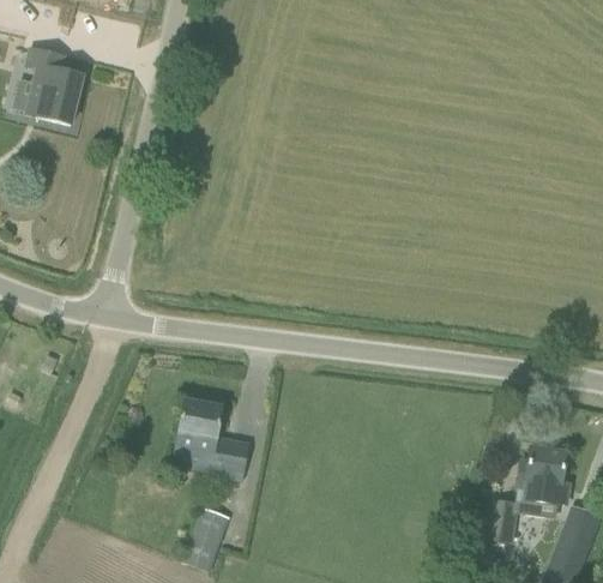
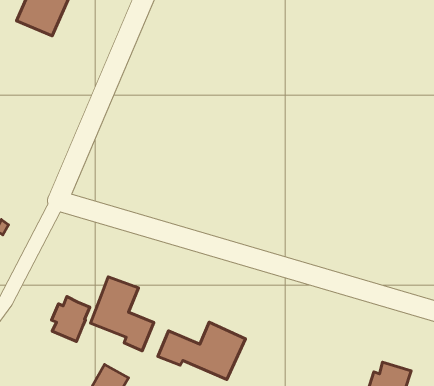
building: none -> [52,297,90,341]
building: none -> [158,322,246,380]

